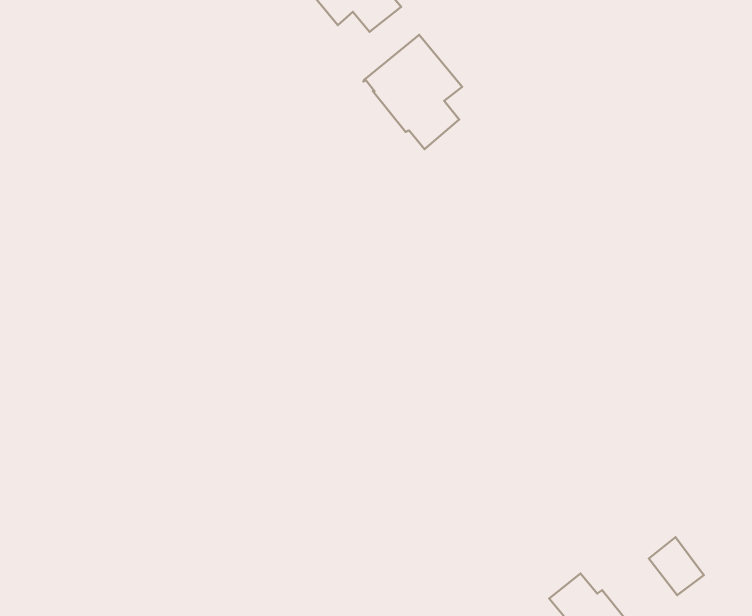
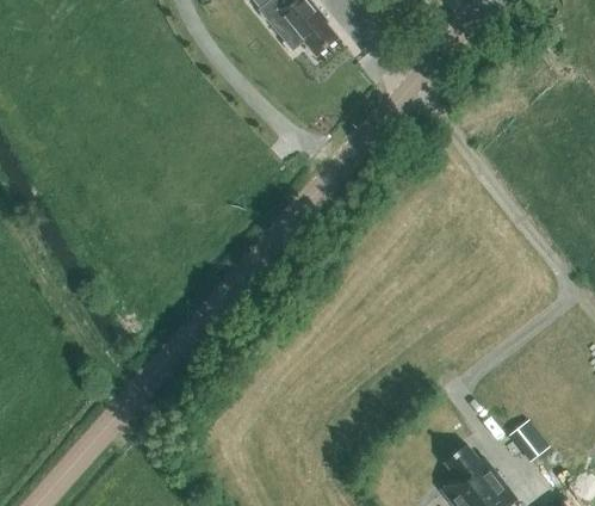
building: [364,35,462,149] -> none

